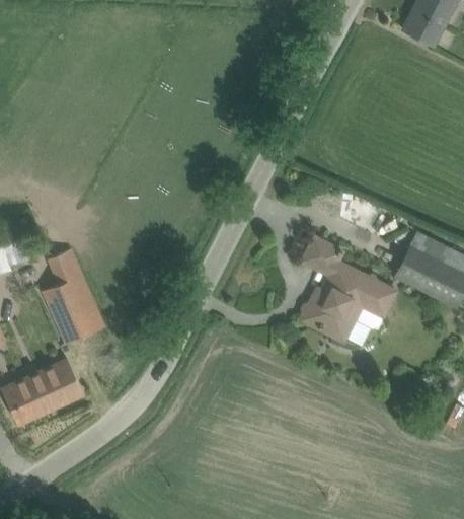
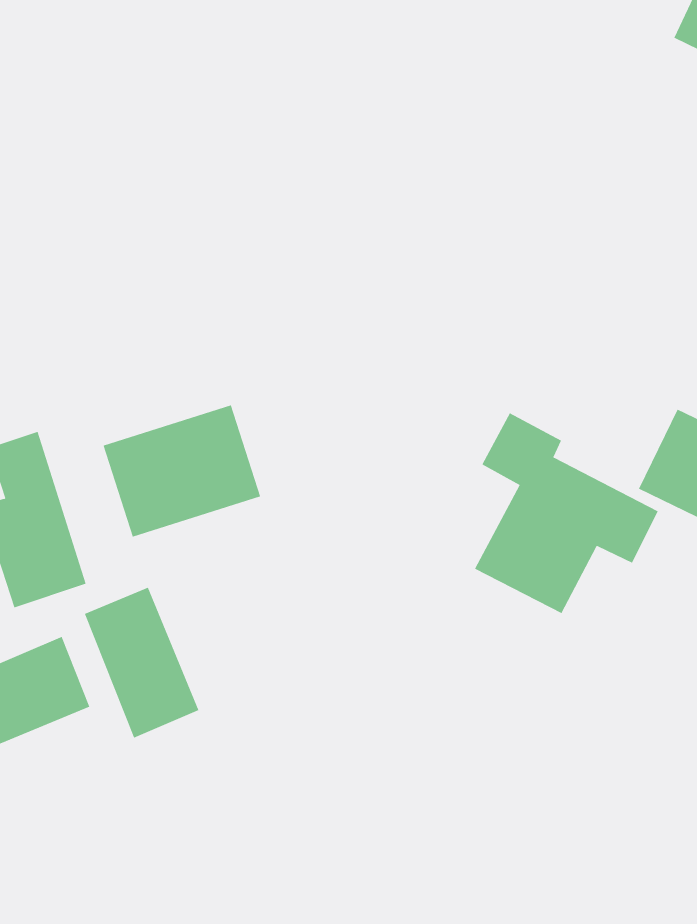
building: none -> [103,404,261,538]
building: none -> [84,587,199,739]

